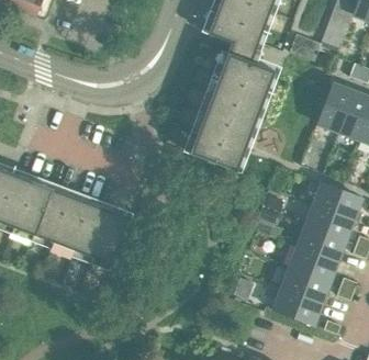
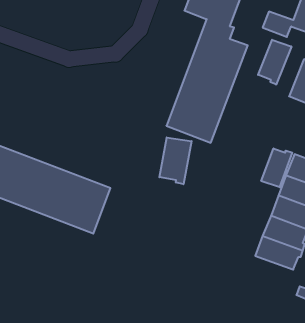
building: none -> [258,40,291,85]
building: none -> [159,137,192,184]
building: none -> [261,148,292,187]
building: [273,289,321,326] -> none

